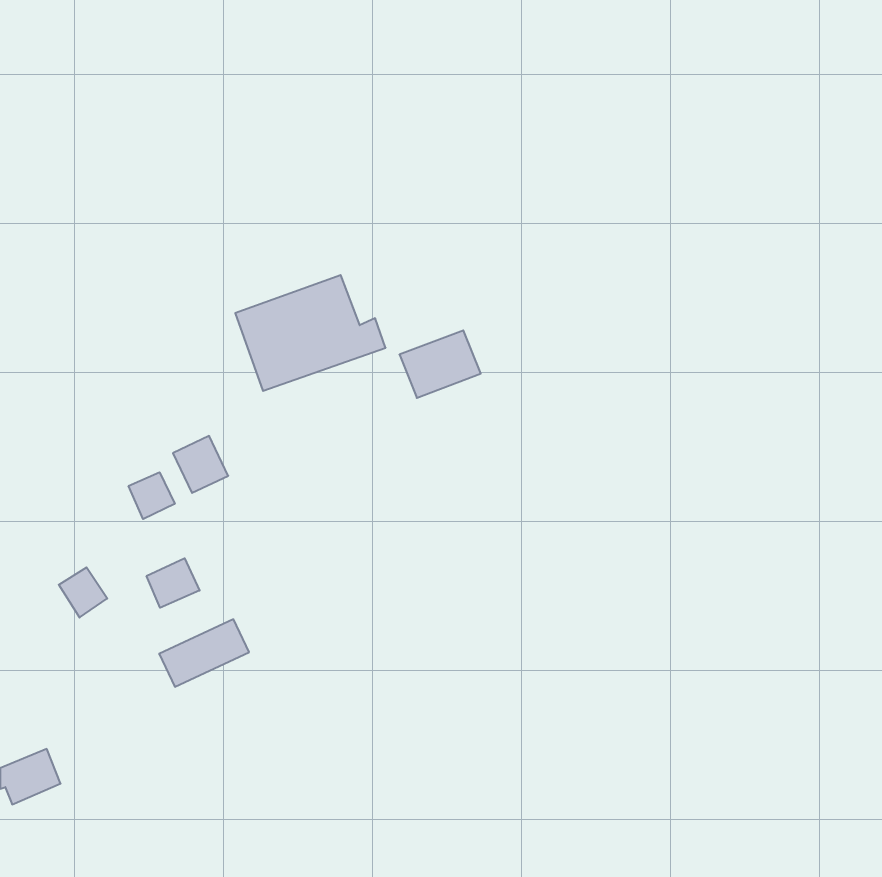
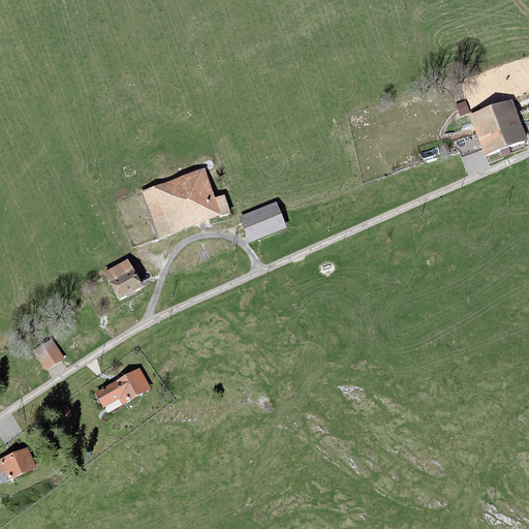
building: none -> [471,102,524,156]
building: [129,472,175,519] -> none
building: [147,558,200,608] -> none

